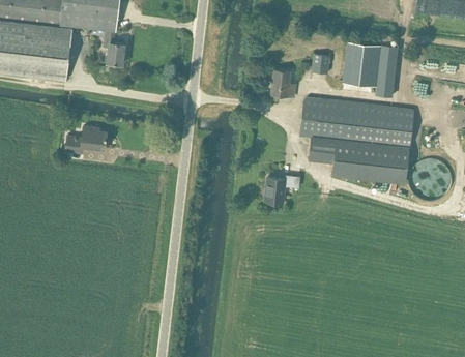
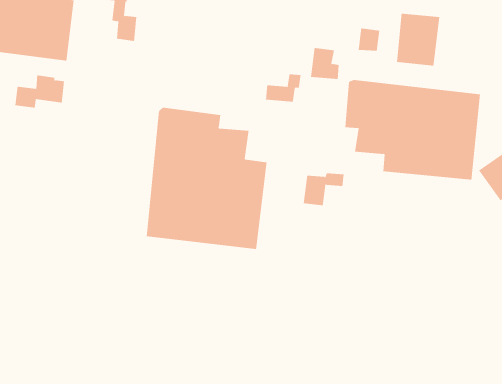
building: [375,44,398,98] -> none
building: none -> [265,73,301,102]
building: none -> [146,107,267,250]
building: [64,126,107,154] -> [15,75,65,108]

